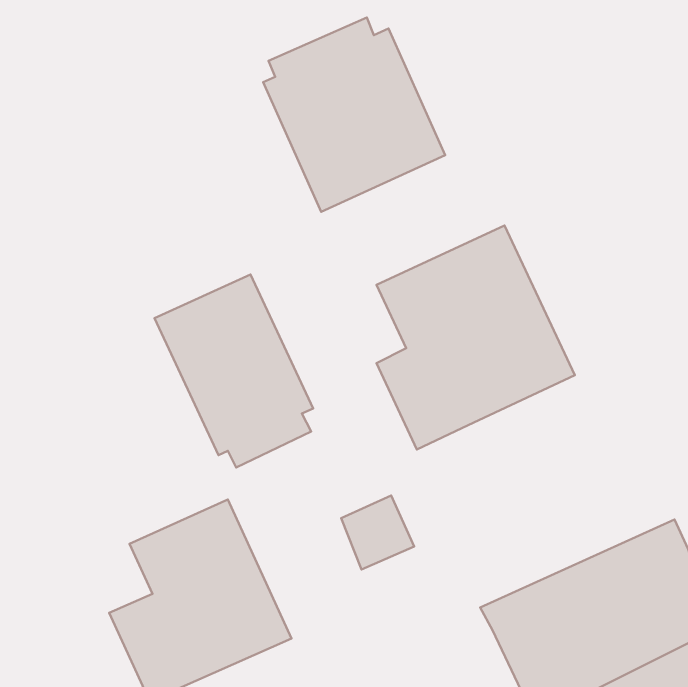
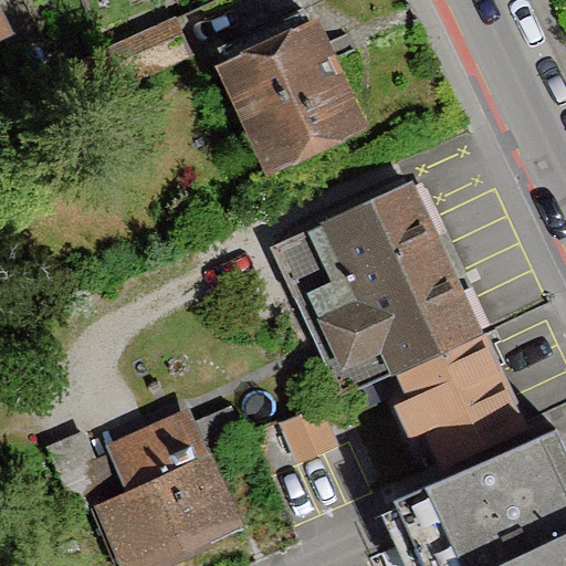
building: [154,274,313,468] -> none
building: none -> [385,310,525,462]

